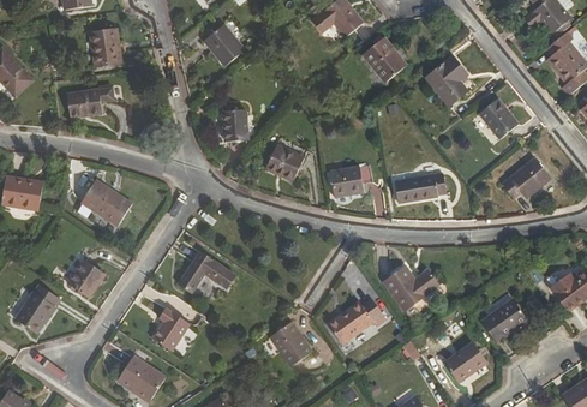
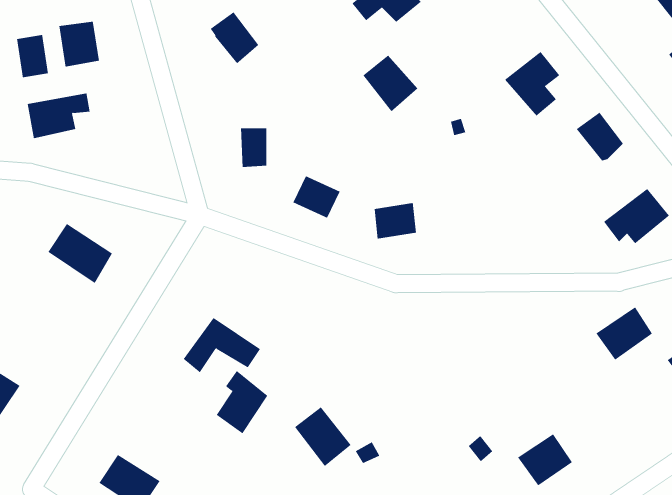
building: [365,32,407,76] -> [363,55,418,112]
building: none -> [16,34,49,78]
building: [391,173,445,202] -> none
building: [66,258,104,298] -> none
building: [379,267,433,309] -> none
building: [318,299,382,343] -> none
building: [477,300,520,341] -> [596,306,653,361]
building: [151,305,191,353] -> [216,370,268,434]

